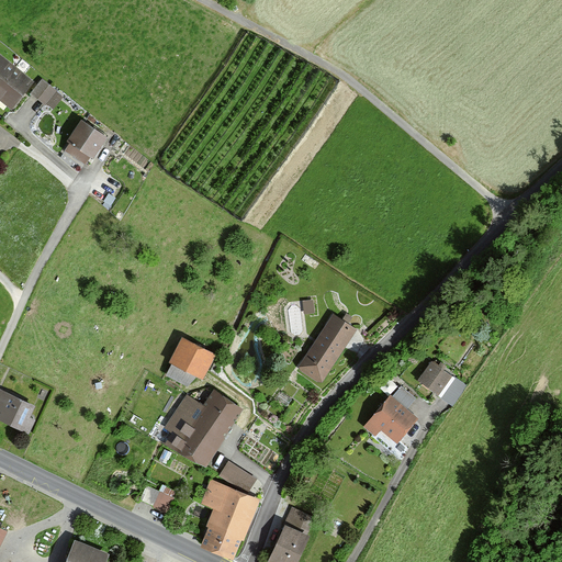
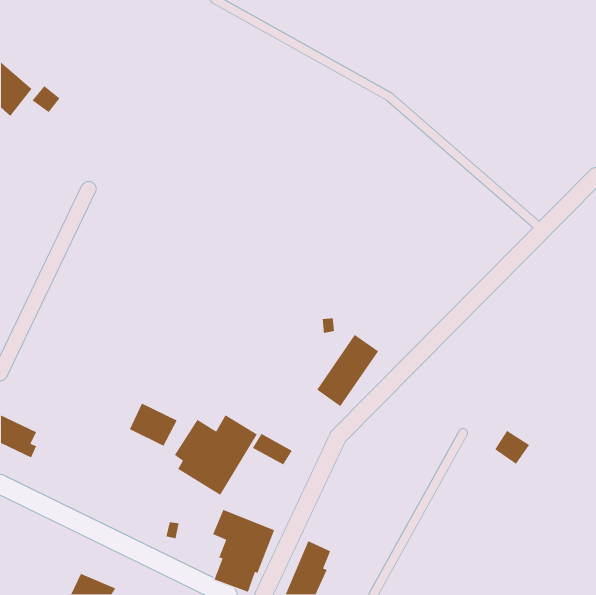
building: [64,120,109,164] -> none
building: [170,337,216,379] -> [129,403,178,447]
building: [418,361,452,394] -> [494,430,530,465]
building: [363,395,418,443] -> none
building: [218,461,257,492] -> [252,433,293,466]

